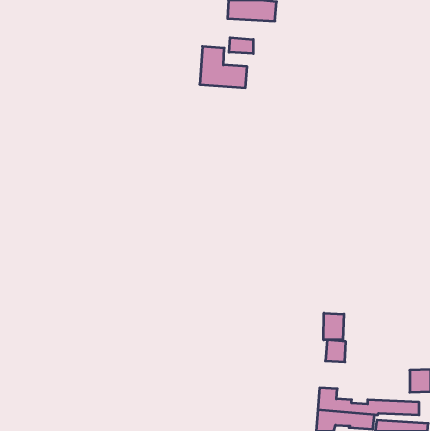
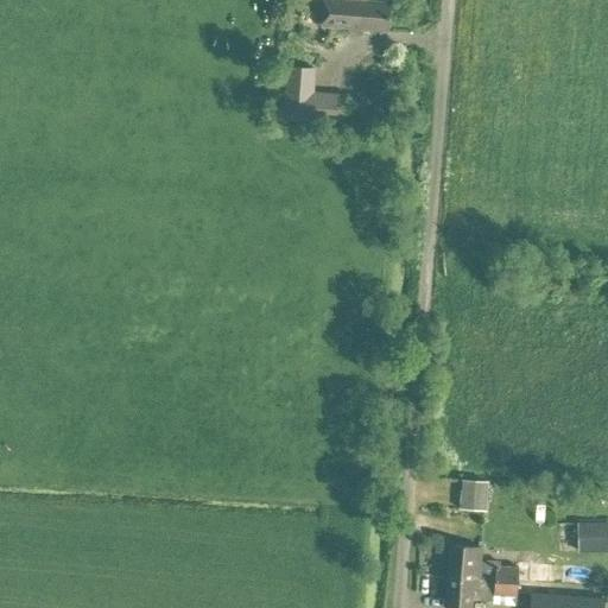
building: [229,38,253,54] -> none
building: [324,313,344,340] -> none

